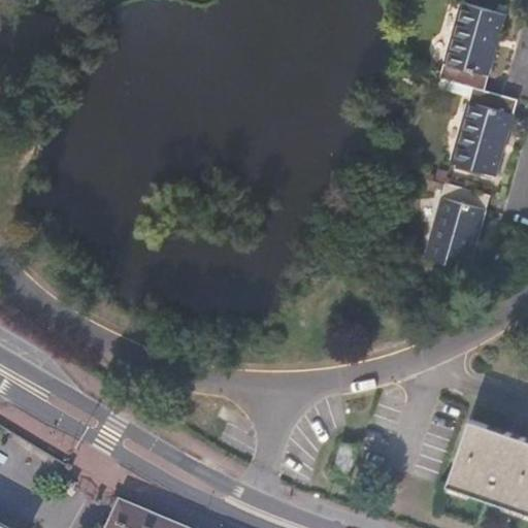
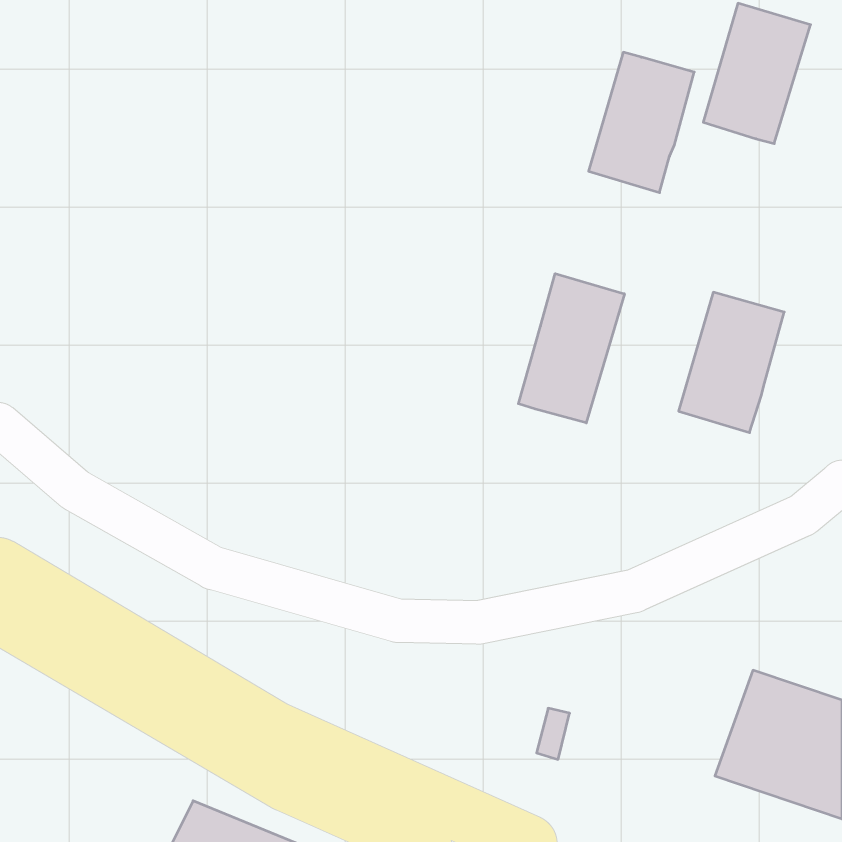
building: [451,88,517,175] -> [589,52,694,193]
building: none -> [518,274,624,423]

